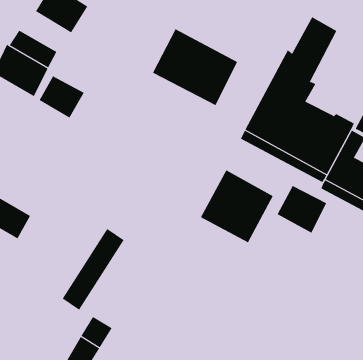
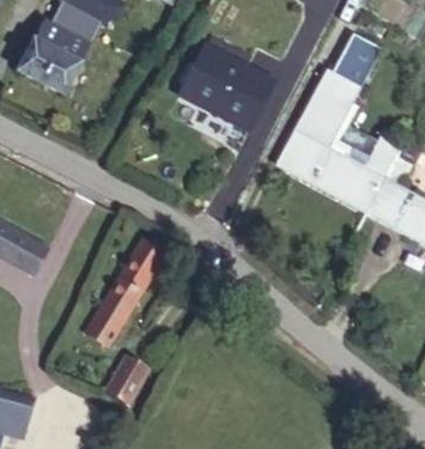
building: [39,75,85,118] -> none
building: [200,170,273,243] -> none
building: [277,185,327,233] -> none

